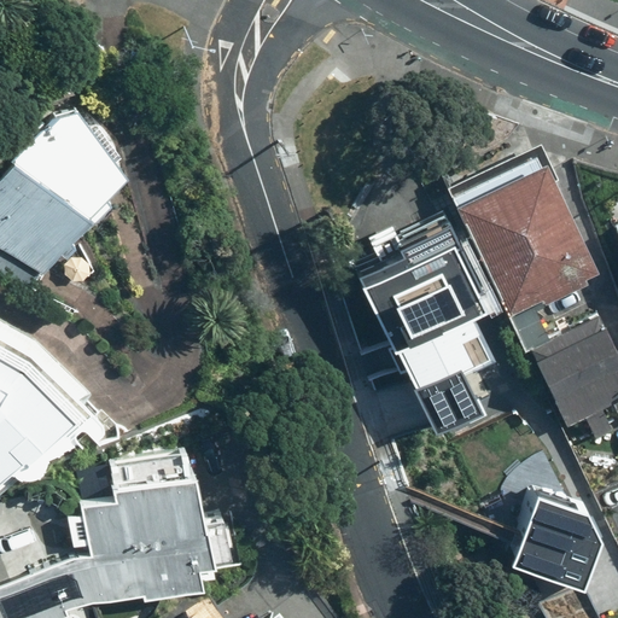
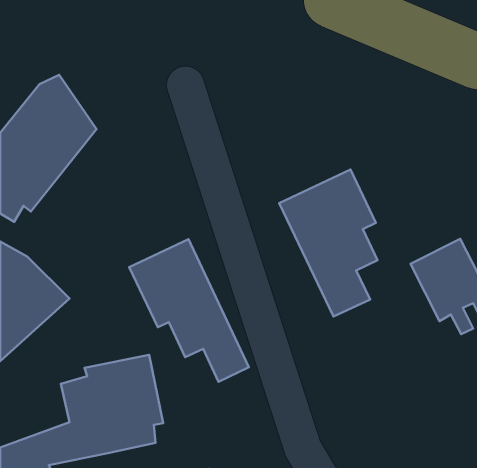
building: [455,163,594,310] -> none
building: none -> [129,239,249,382]
building: [507,484,595,582] -> none

